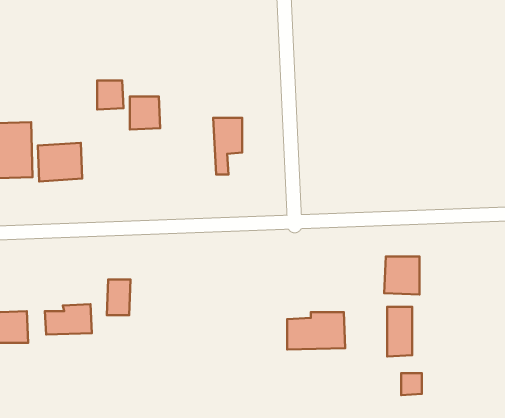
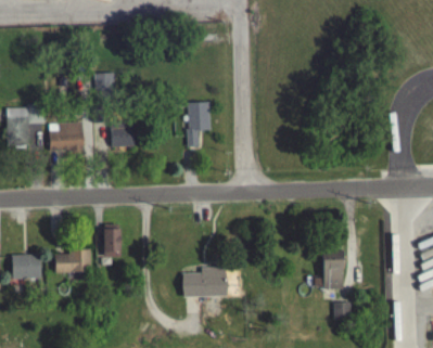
building: [130,96,160,129] -> [111,123,135,149]
building: [384,257,420,294] -> none
building: [287,312,345,349] -> [182,269,228,298]

